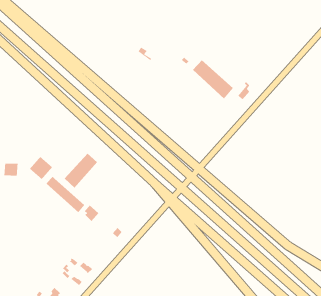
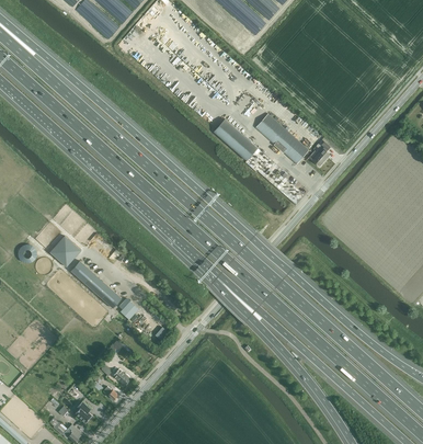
building: none -> [214,118,259,160]
building: [64,153,98,188] -> none

